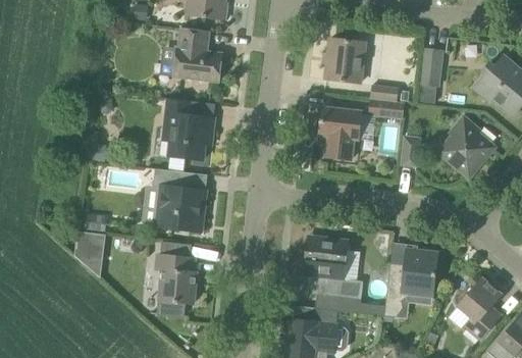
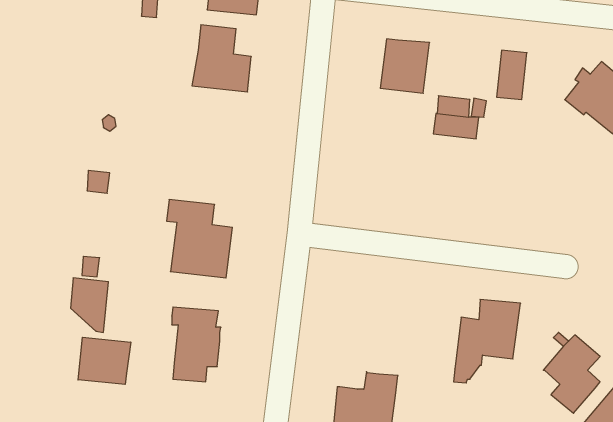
building: [163,98,214,160] -> none
building: [319,107,362,160] -> none
building: [442,116,491,174] -> none
building: [401,136,421,167] -> none
building: [301,236,385,315] -> none
building: none -> [78,337,131,384]

